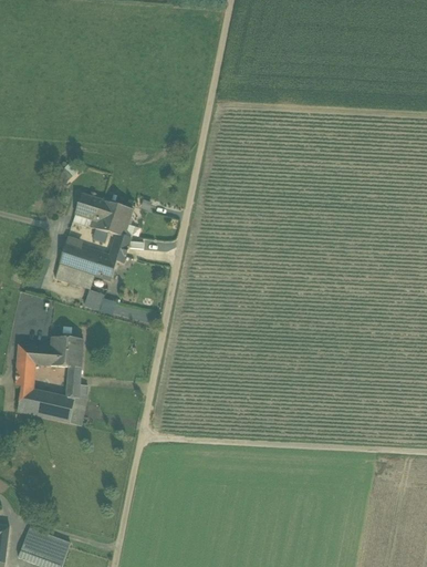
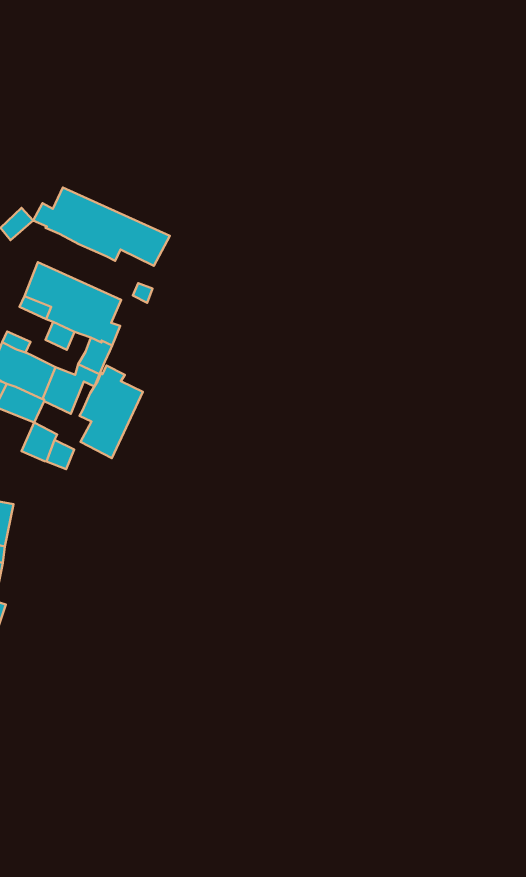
building: none -> [33,188,170,266]
building: none -> [80,366,143,458]

